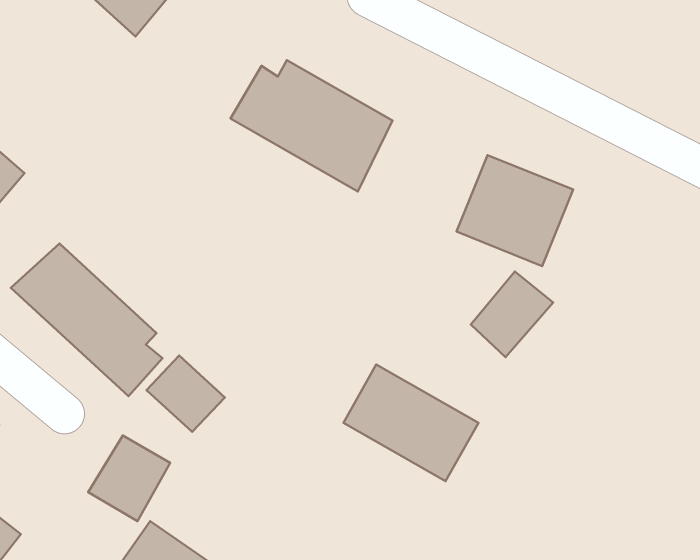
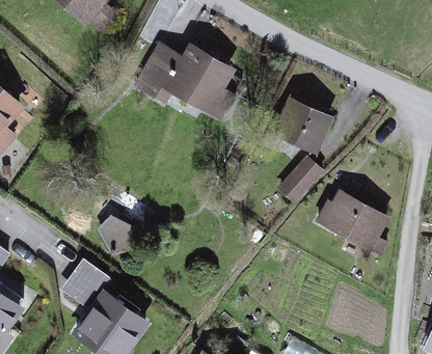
building: [11,244,162,396] -> none
building: [344,365,478,481] -> [317,189,394,255]

